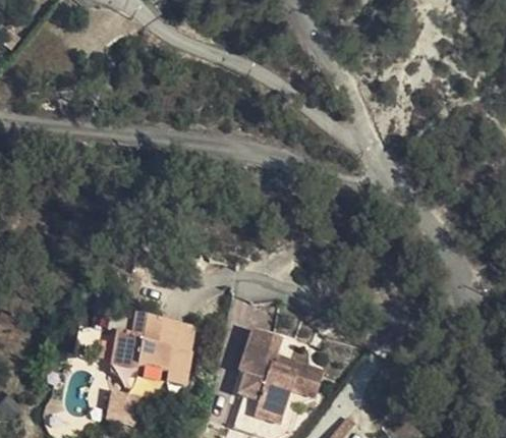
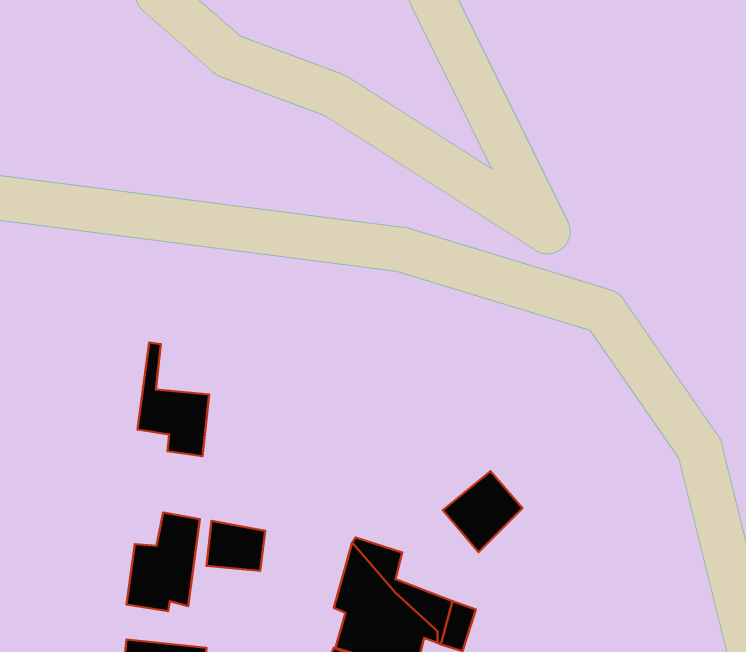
building: none -> [443,471,523,552]
building: [149,318,192,387] -> [137,343,209,456]

